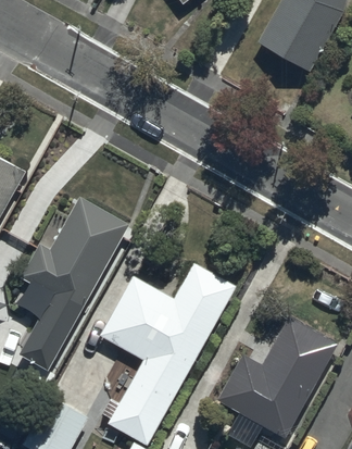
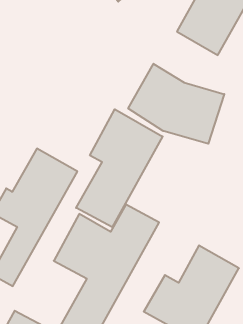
building: none -> [128,64,224,144]
building: none -> [76,109,163,227]

